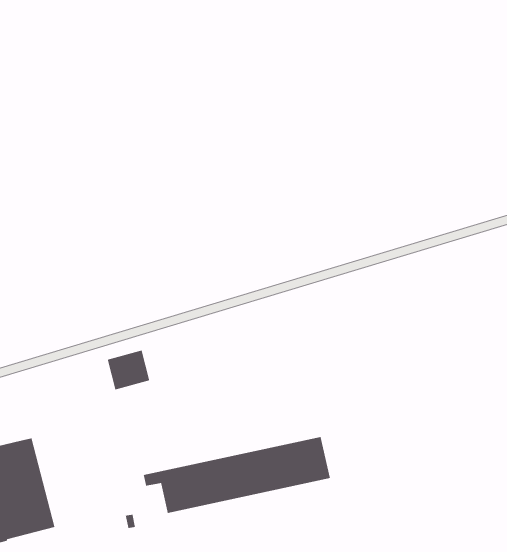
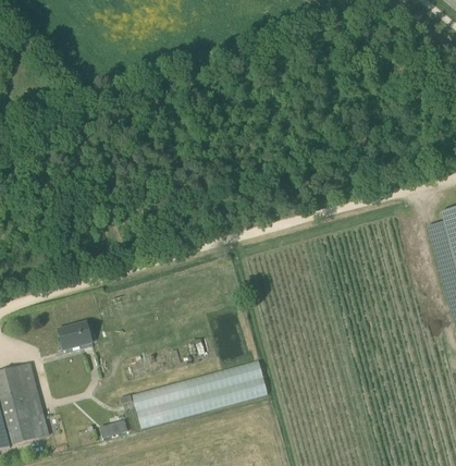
building: [107,350,150,390] -> [57,321,91,354]

